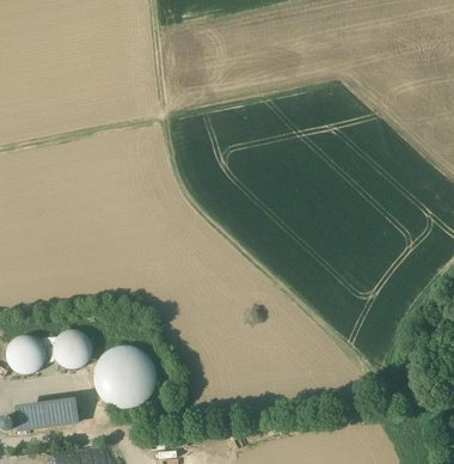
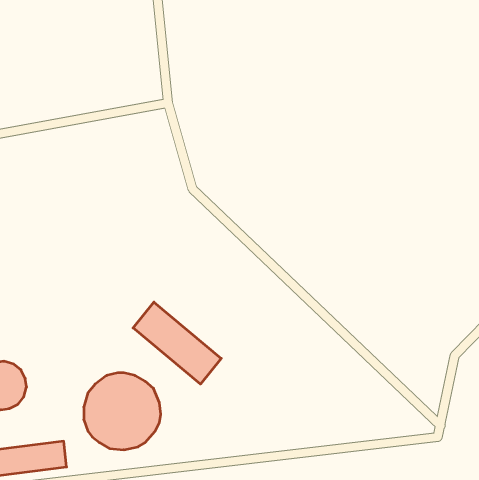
building: none -> [133,302,221,384]
building: [51,328,92,367] -> none

